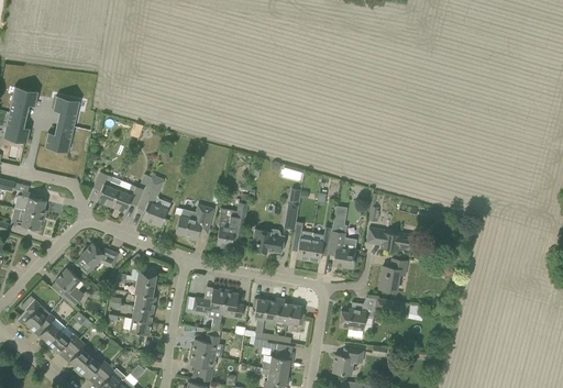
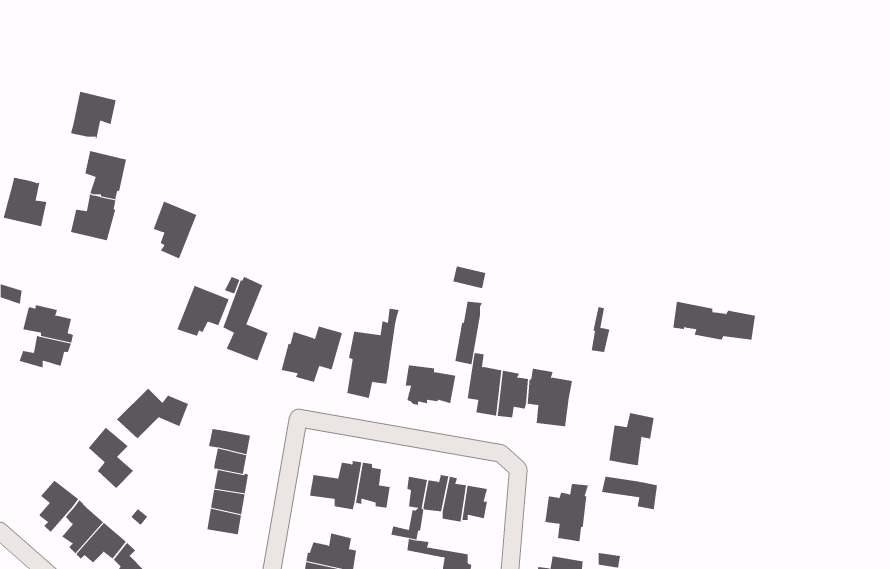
building: [10,86,38,115] -> [71,91,117,139]
building: [95,170,122,207] -> [153,201,197,259]
building: [367,226,419,251] -> [672,301,756,340]

